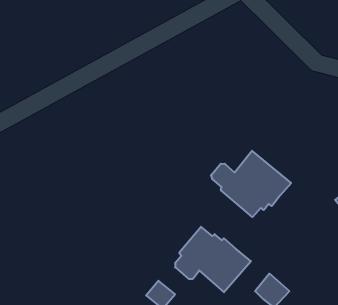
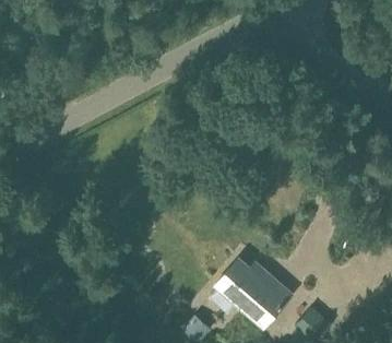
building: [211,151,291,217] -> none

